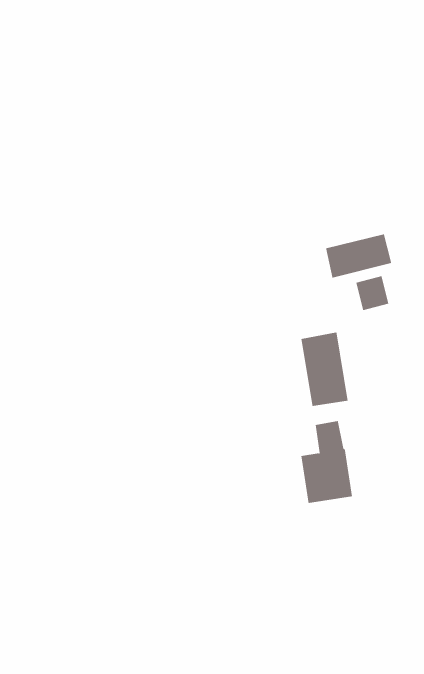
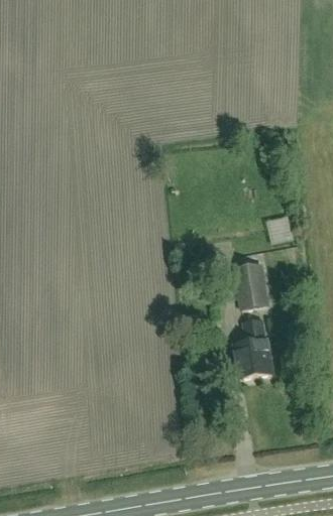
building: [326,233,392,278] -> none

